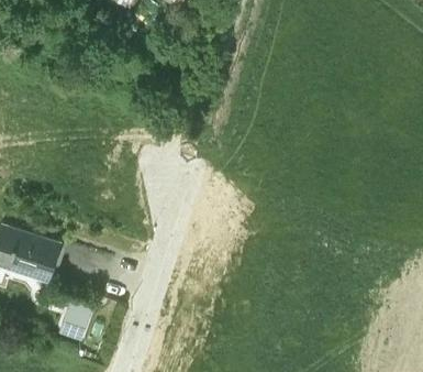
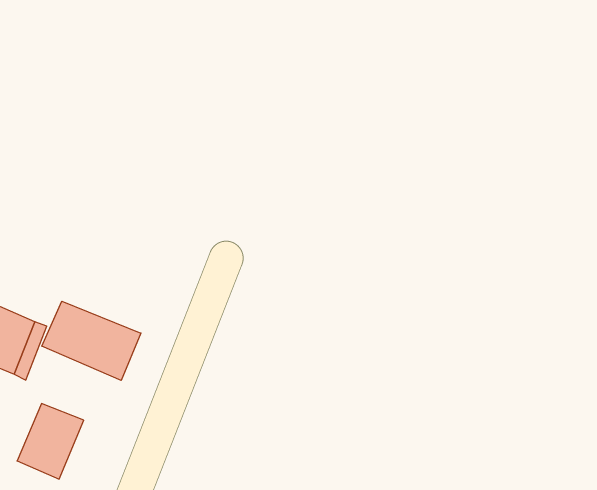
building: none -> [42,301,141,380]

